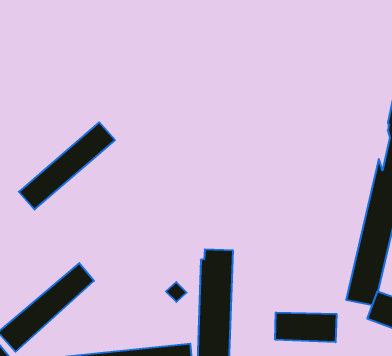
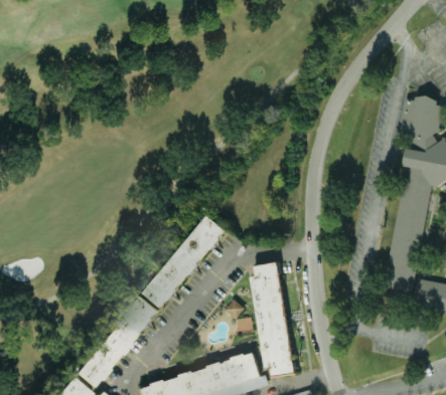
building: [19,122,115,210] -> [144,216,225,306]
building: [275,312,337,342] -> none

